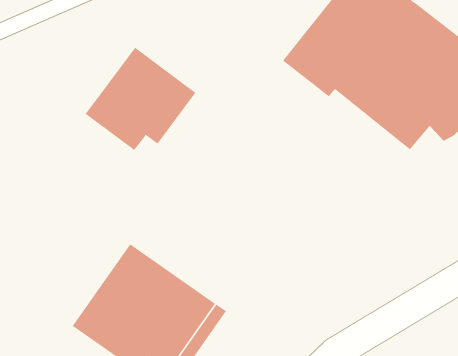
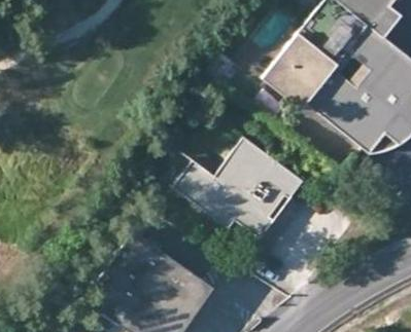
building: [85,47,196,151] -> none
building: none -> [174,138,305,239]

